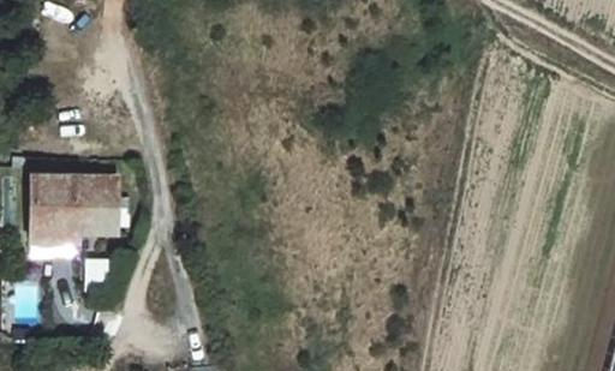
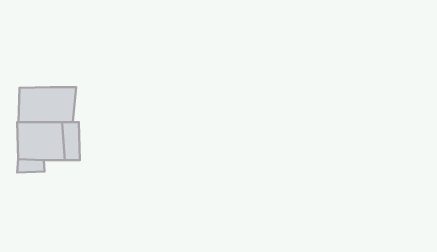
building: none -> [19,87,76,122]

